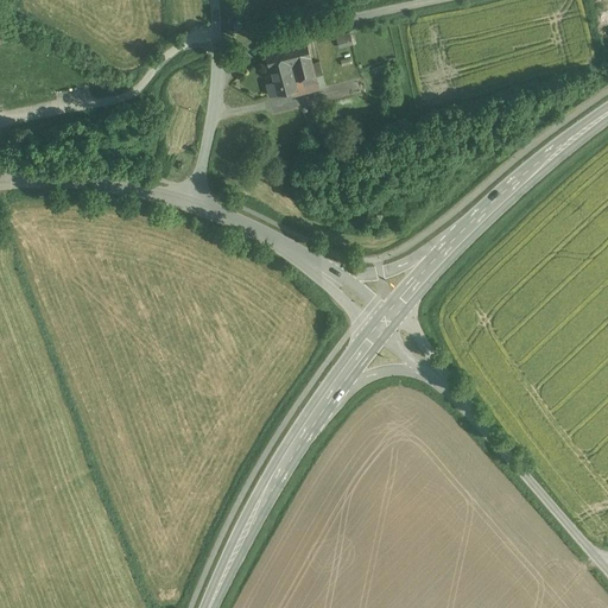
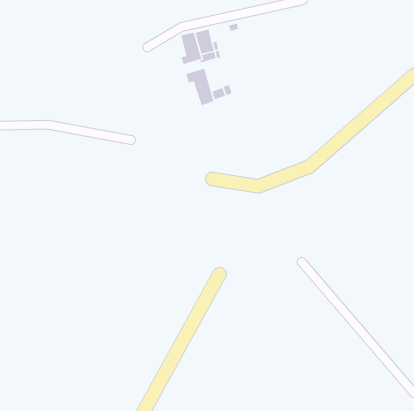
building: none -> [185,68,215,106]

